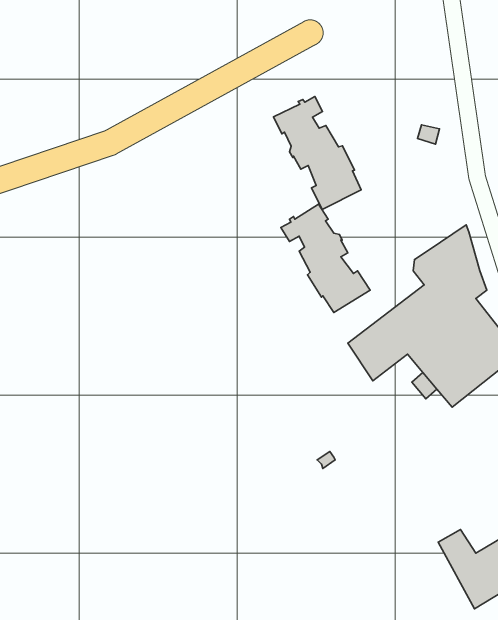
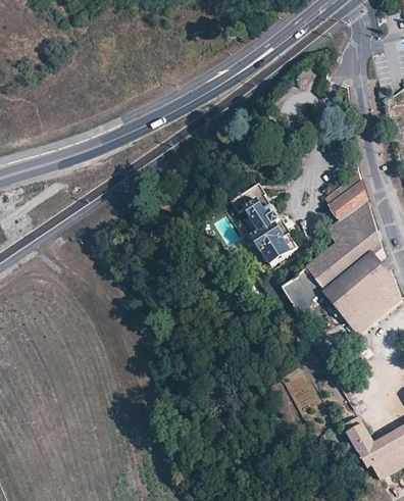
building: [274,97,361,209] -> none
building: none -> [326,173,367,219]

